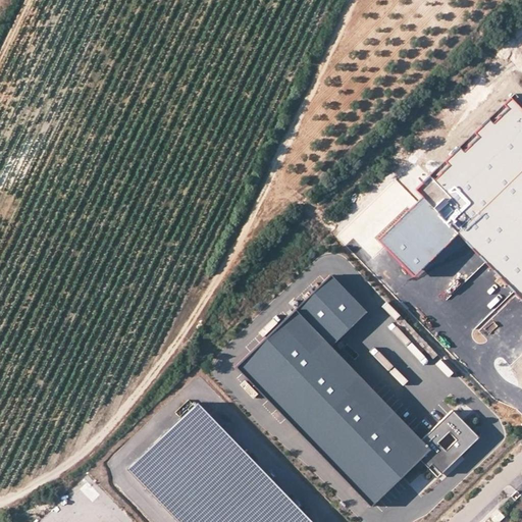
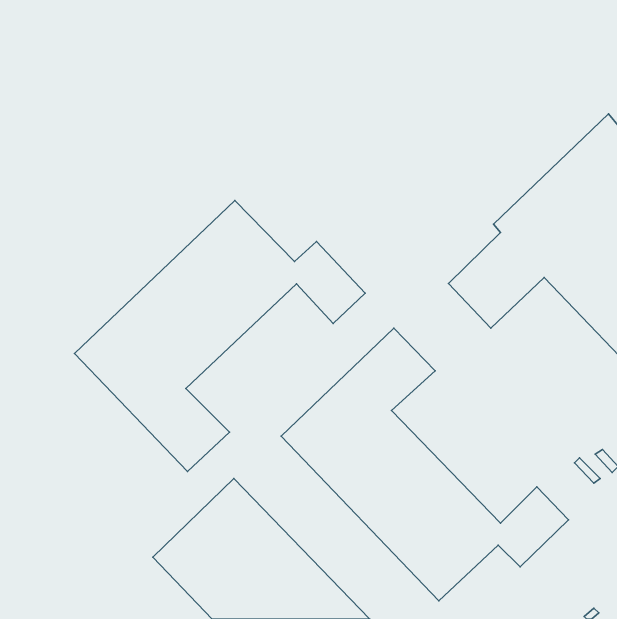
building: none -> [75,200,365,472]

